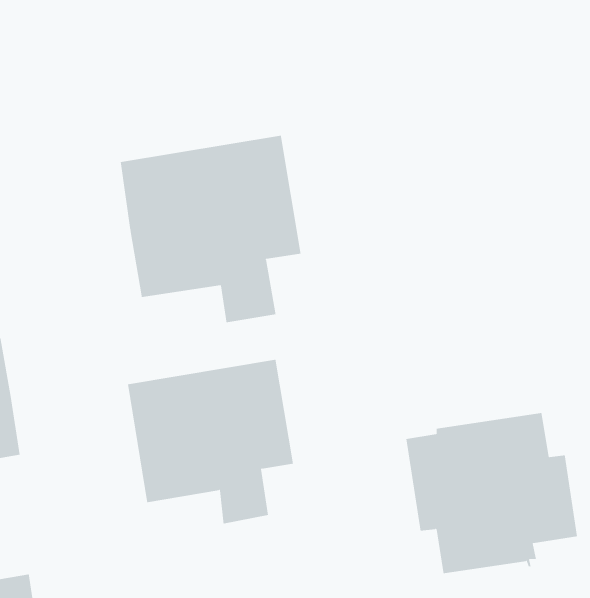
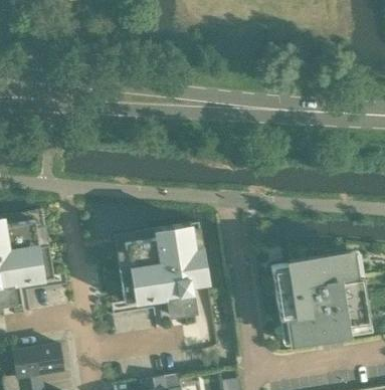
building: [120,135,301,323] -> none

